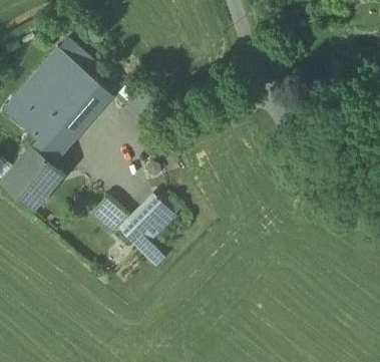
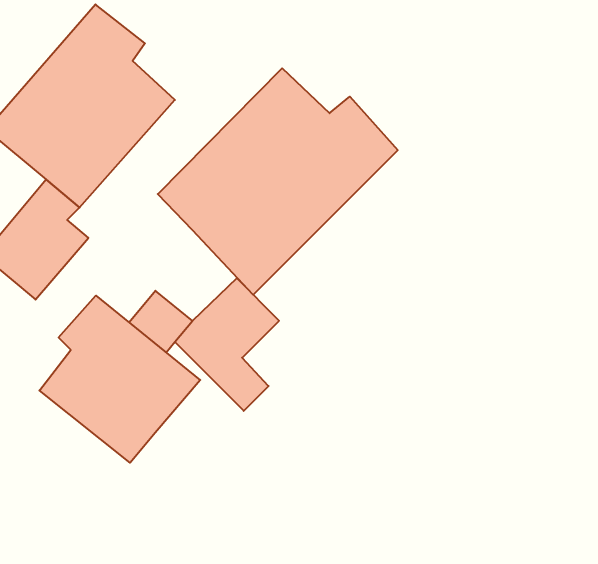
building: none -> [158,68,398,295]
building: none -> [39,296,200,463]

